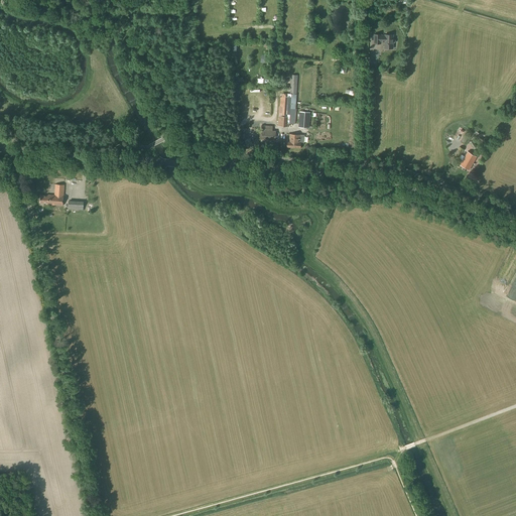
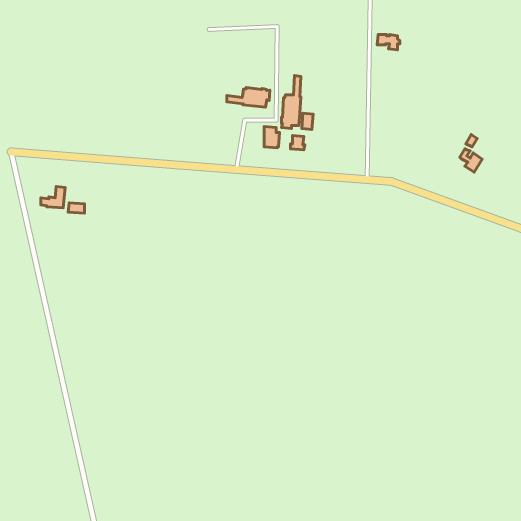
building: none -> [227,88,270,107]

